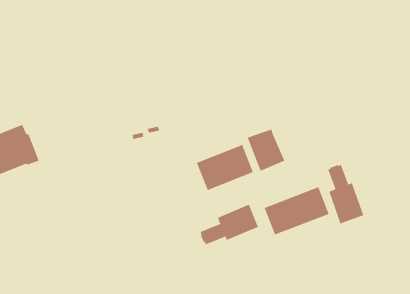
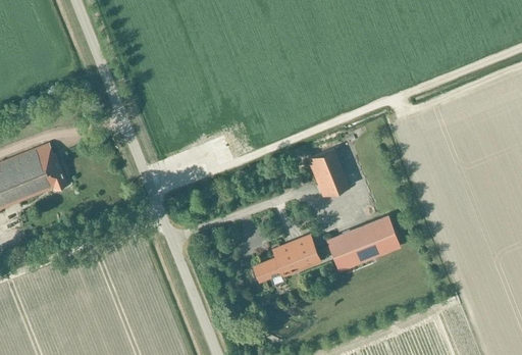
building: [196,144,254,191] -> none
building: [328,164,365,224] -> none

